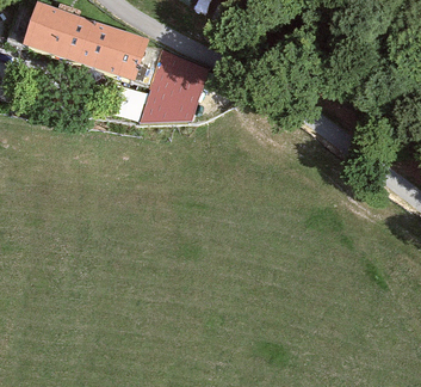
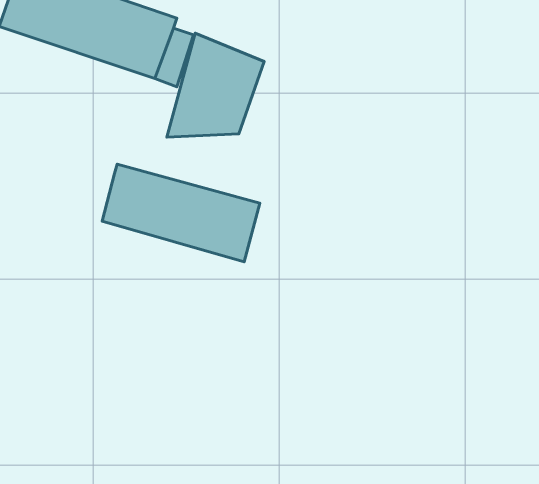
building: none -> [102,164,260,262]

